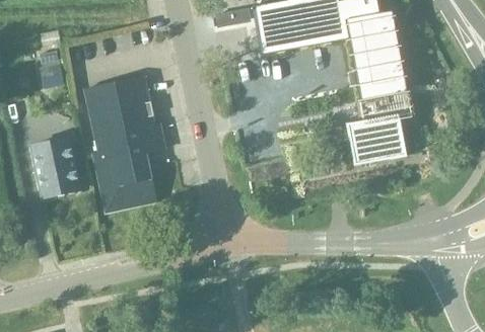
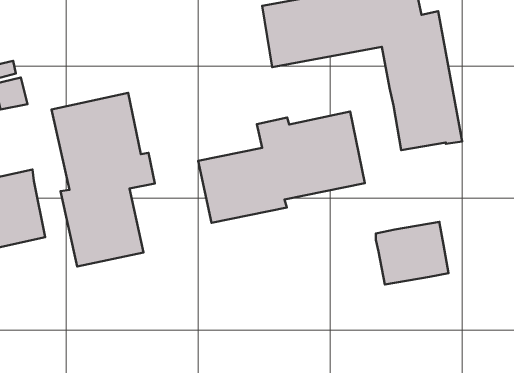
building: none -> [198,111,365,223]
building: [347,114,405,164] -> [376,222,449,285]

